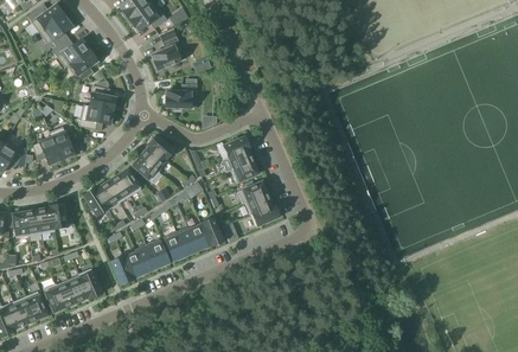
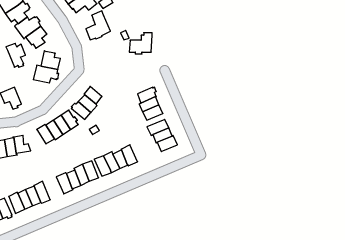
building: [164,81,196,110] -> [129,33,152,54]
building: [49,127,76,160] -> [6,43,25,67]

